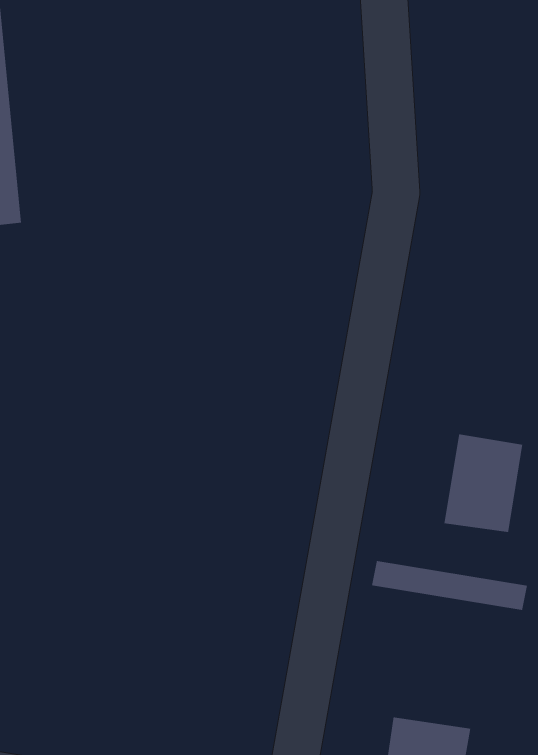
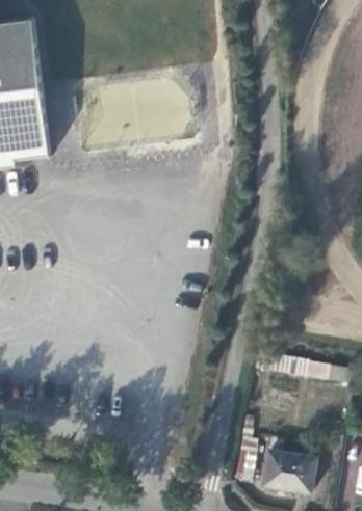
building: [444,434,523,533] -> none

